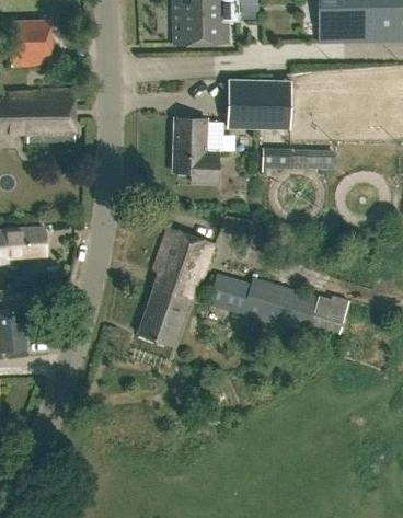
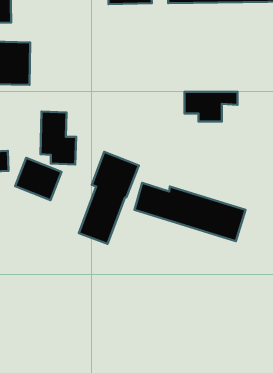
building: [224,77,289,129] -> none
building: [173,117,218,184] -> [41,112,76,164]
building: none -> [15,158,62,200]

